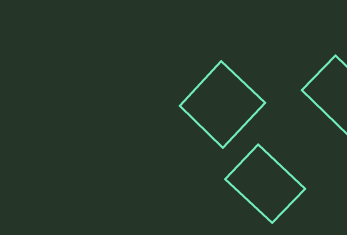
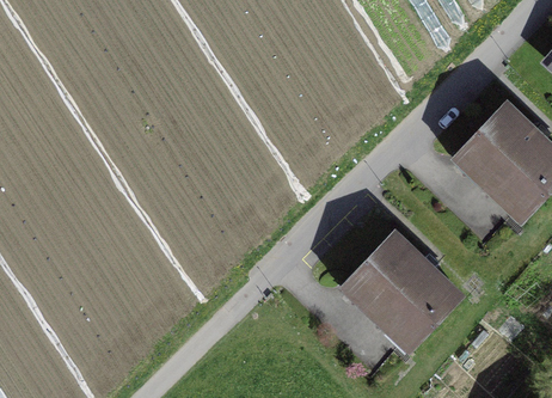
building: [180,61,265,148] -> none

